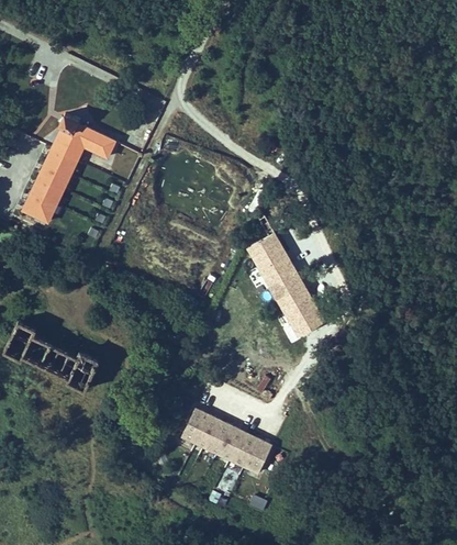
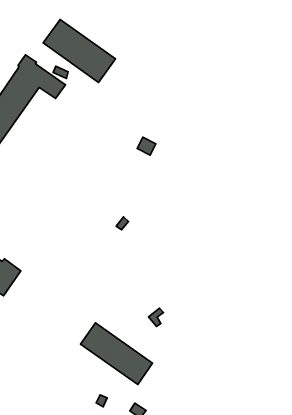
building: none -> [43,19,116,82]
building: [247,212,326,340] -> none

